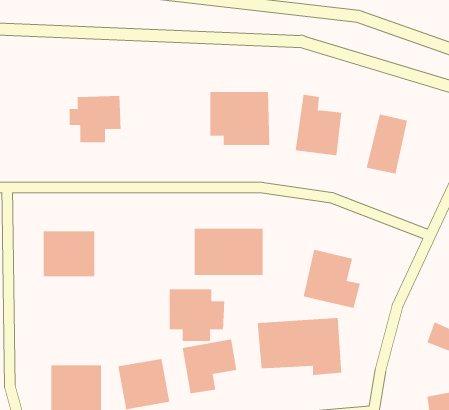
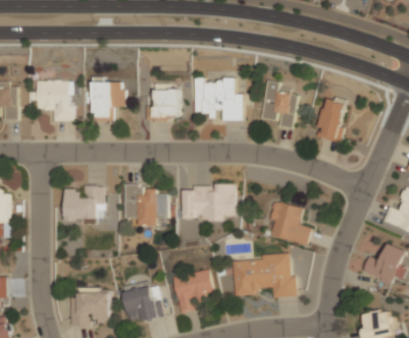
building: none -> [36,80,73,122]
building: none -> [146,86,180,119]
building: [169,289,225,342] -> [123,185,167,226]

